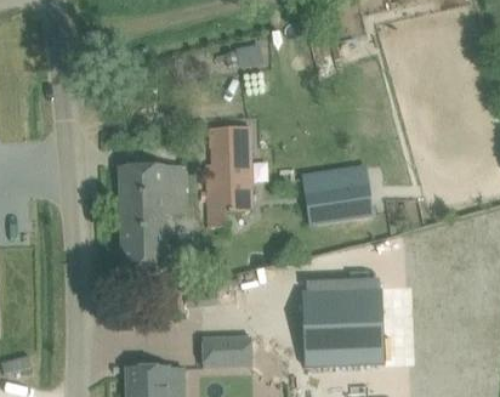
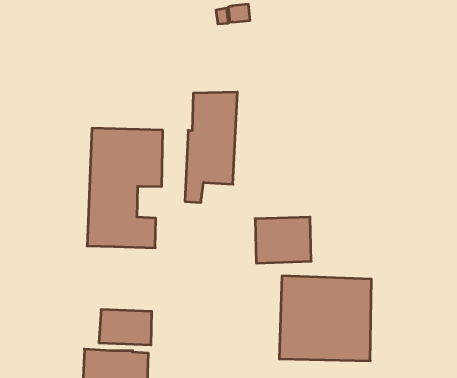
building: [317,176,370,221] -> [255,217,311,263]
building: [203,334,250,365] -> [99,310,152,345]

